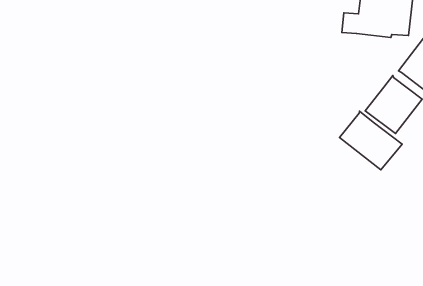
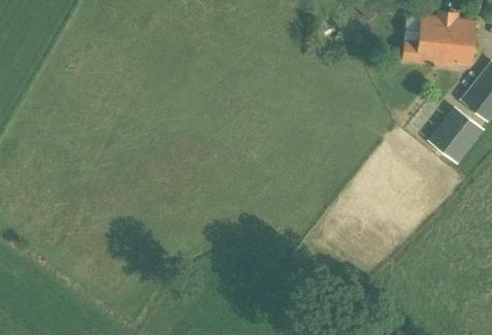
building: [340,111,402,170] -> none

